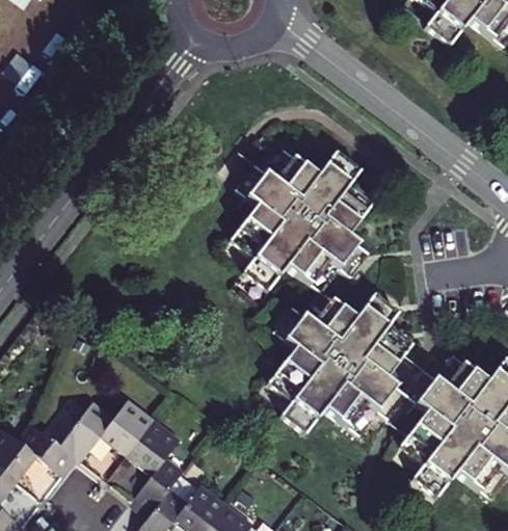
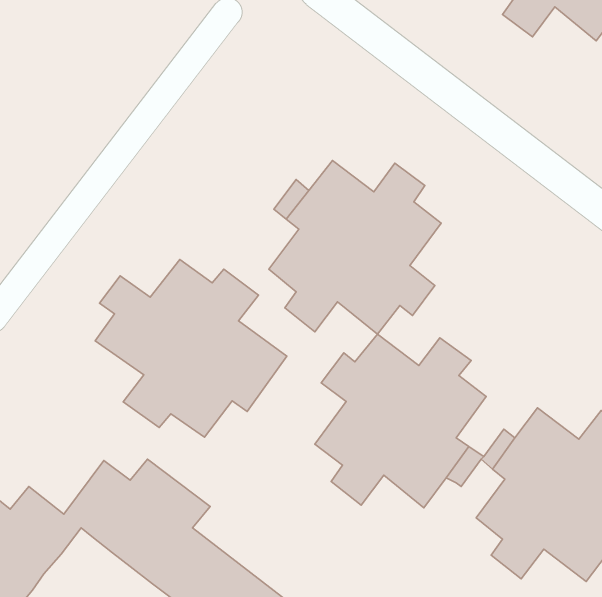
building: none -> [95,259,287,437]

